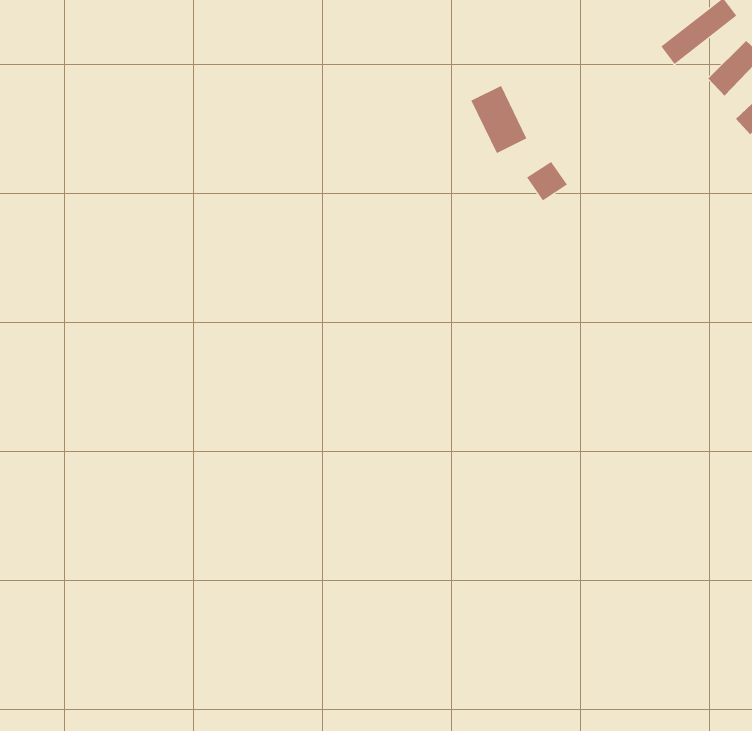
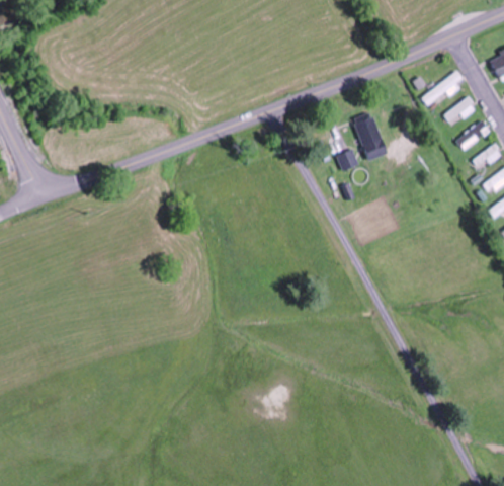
building: [470,85,527,154] -> [353,111,382,149]

